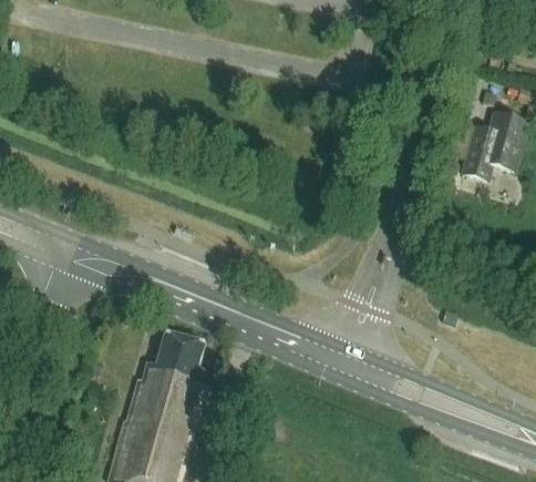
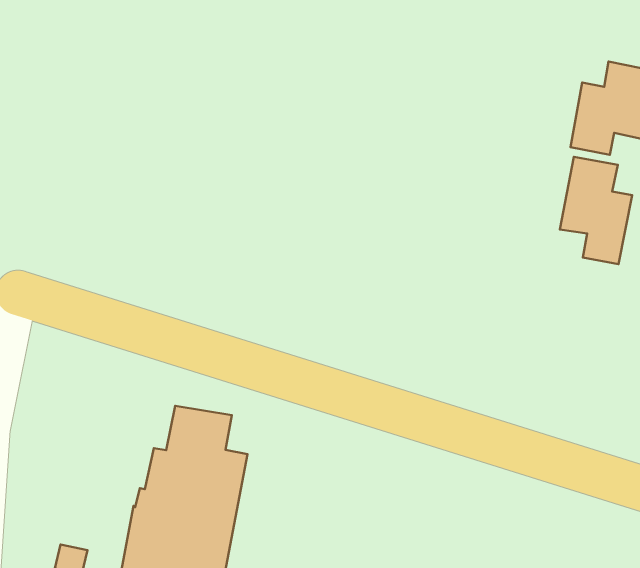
building: none -> [560,157,632,264]

